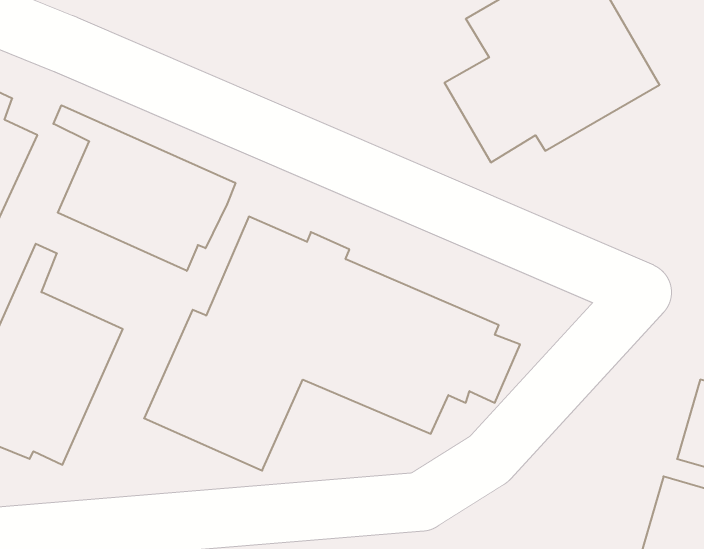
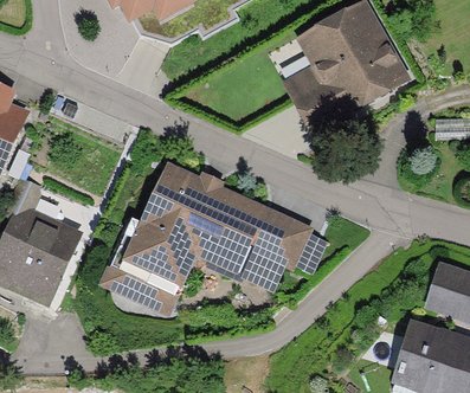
building: [53,105,235,271] -> none

